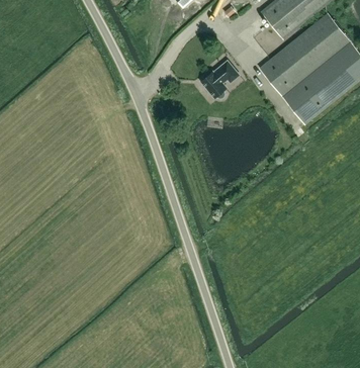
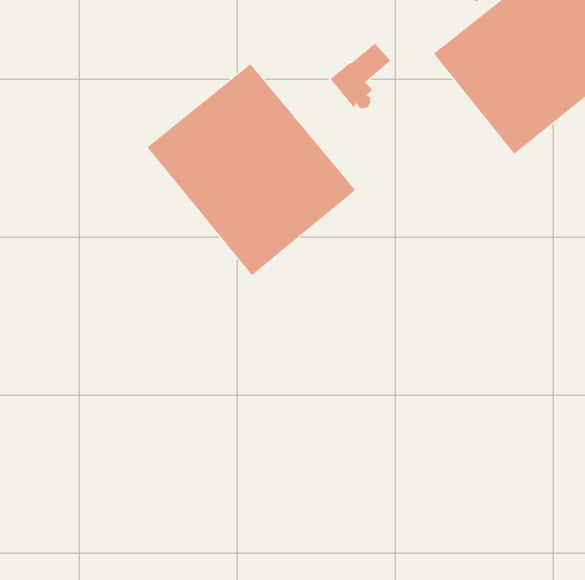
building: none -> [146,63,356,276]

